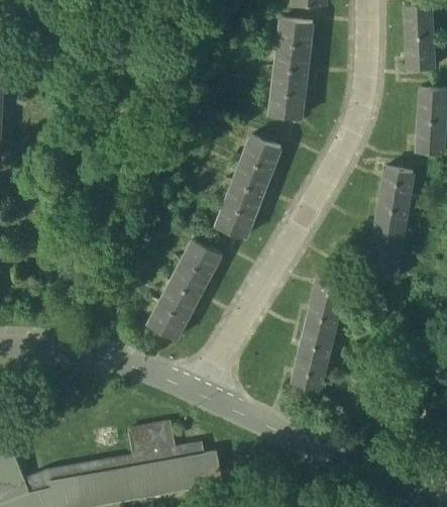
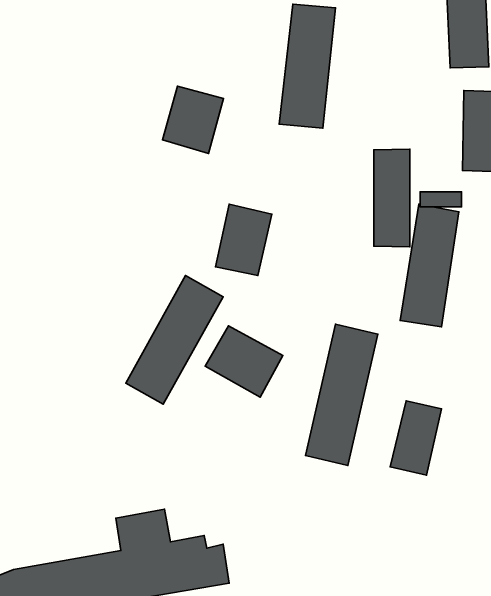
building: [233,134,283,189] -> [162,86,224,154]
building: none -> [374,149,410,247]
building: none -> [205,326,283,397]
building: none -> [390,401,442,475]

